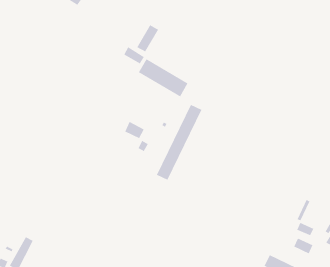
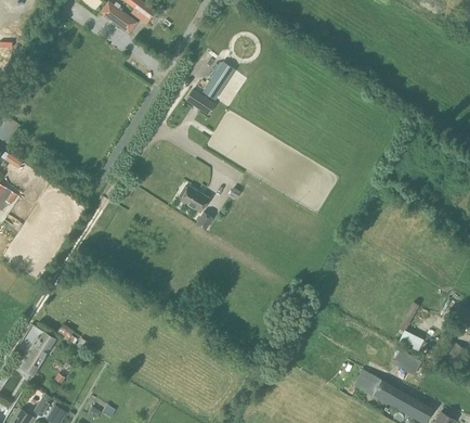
building: [138,58,189,97] -> none
building: [156,104,202,181] -> none

